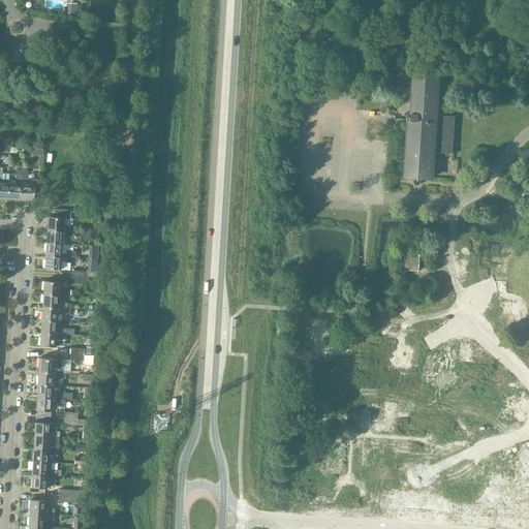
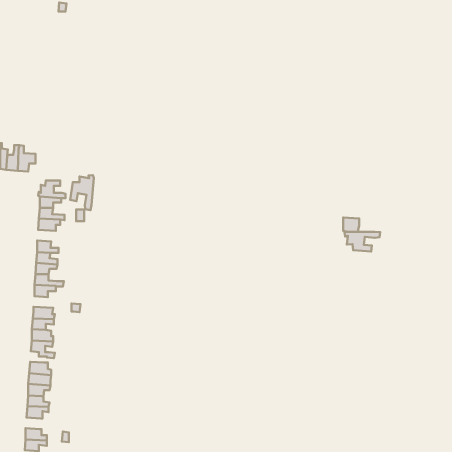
building: [405,74,455,178] -> none
building: none -> [70,175,94,210]
building: none -> [345,232,380,251]

